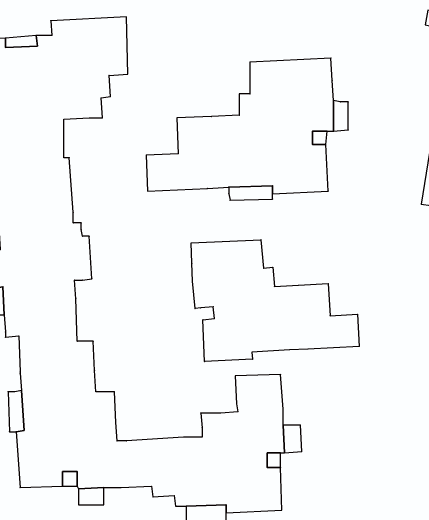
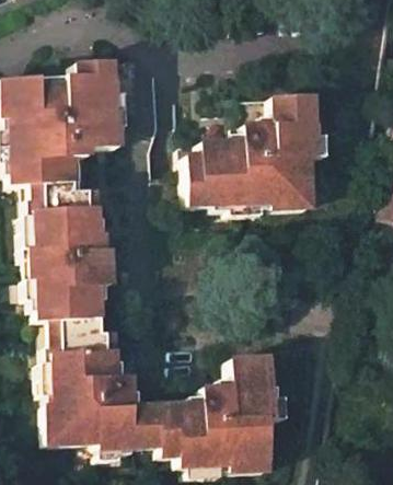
building: [191,240,359,362] -> none

